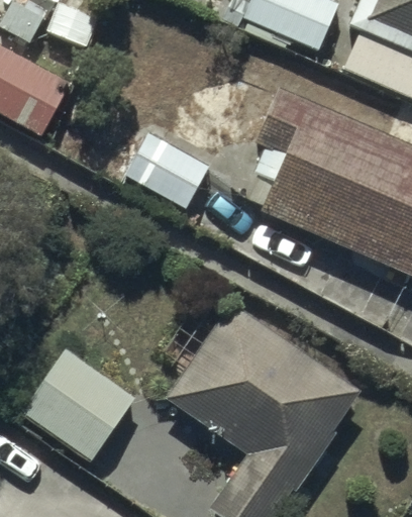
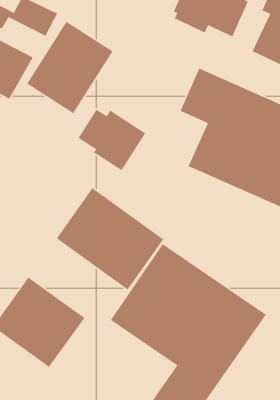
building: none -> [26,21,114,114]
building: none -> [56,187,164,290]

